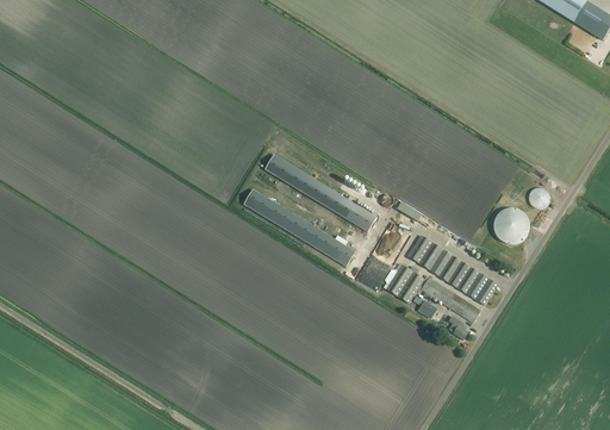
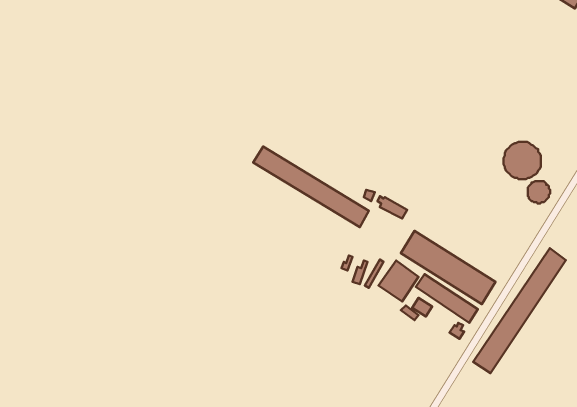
building: [243,188,354,266] -> none
building: [492,207,528,243] -> [503,142,541,179]
building: none -> [473,248,566,373]

